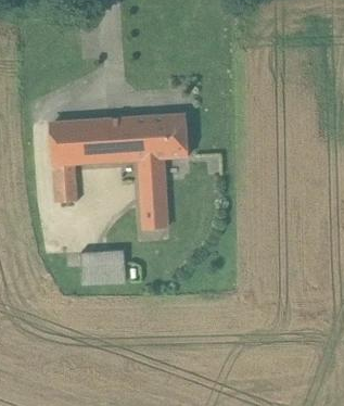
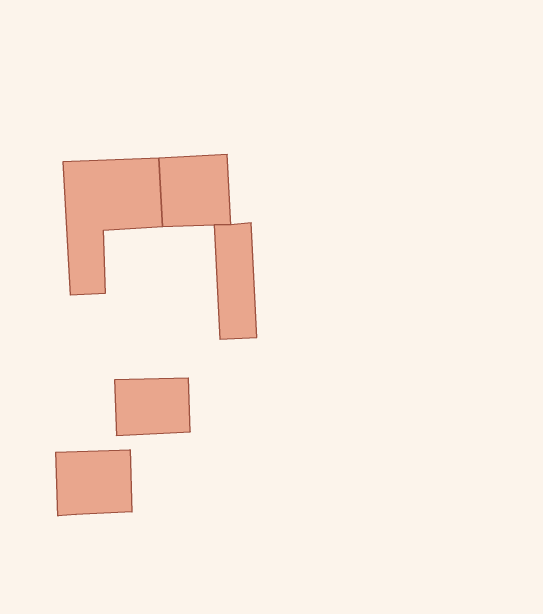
building: [148,116,186,158] -> none
building: none -> [56,450,132,516]

